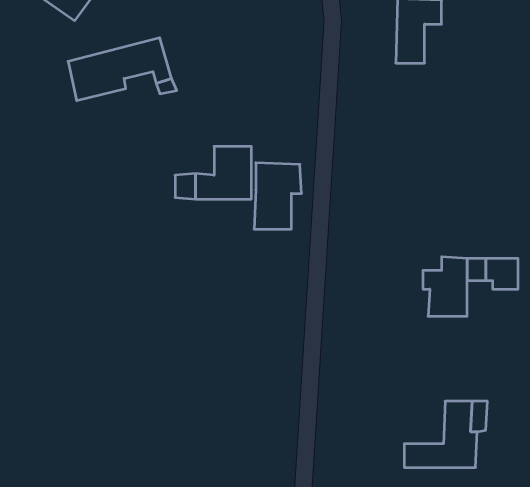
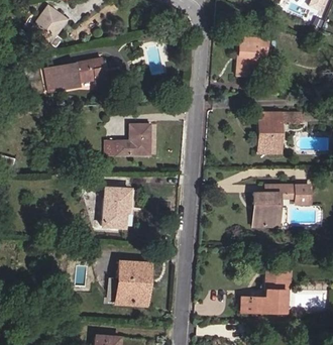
building: none -> [260,114,302,154]
building: [254,163,302,229] -> [103,188,131,227]
building: none -> [117,259,150,302]

